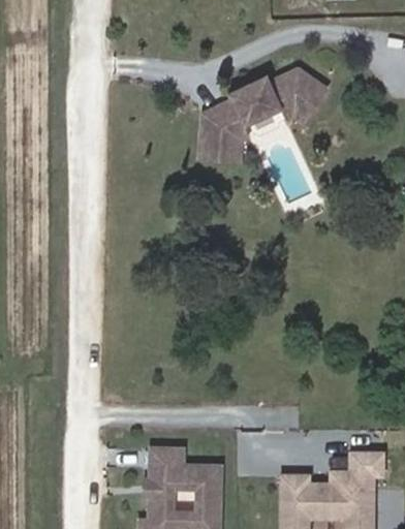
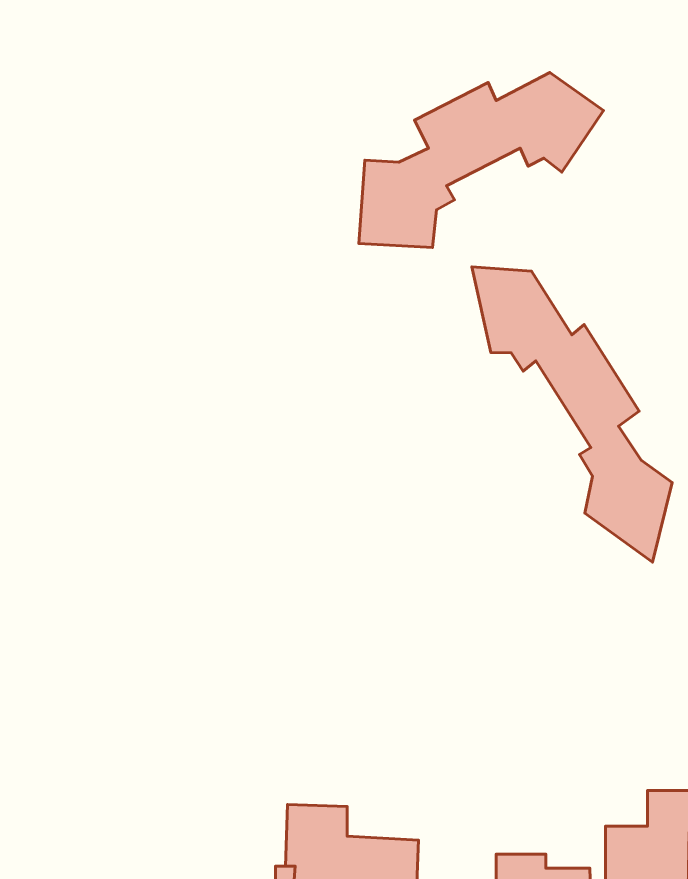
building: none -> [472,267,672,562]

